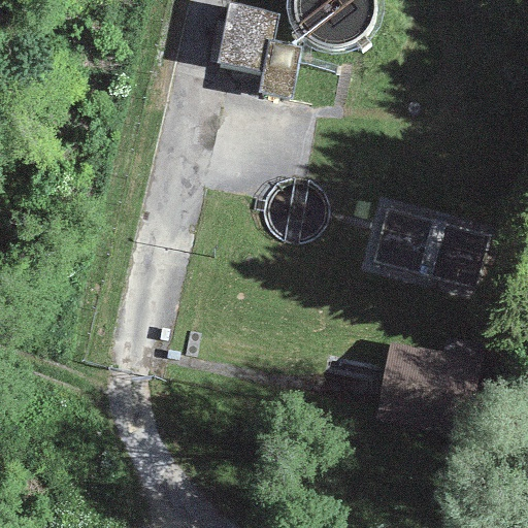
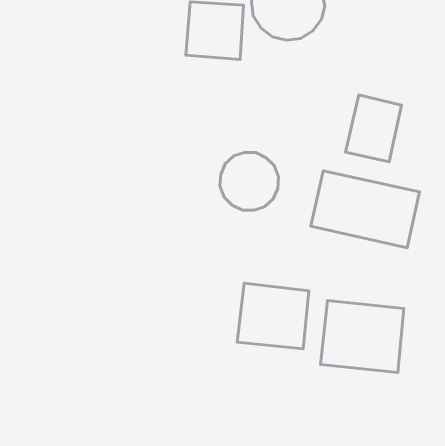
building: none -> [345,95,402,162]
building: none -> [237,283,309,349]

